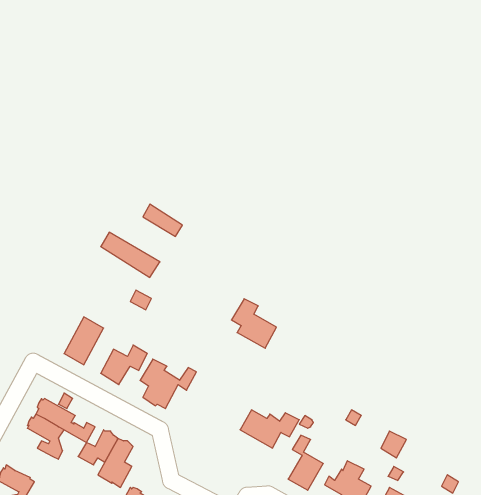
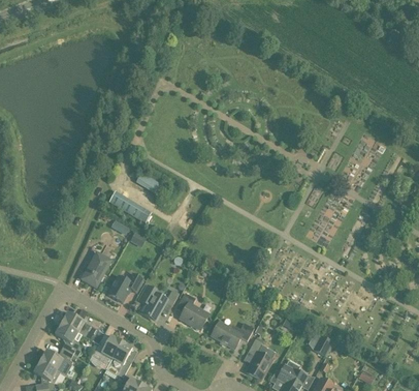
building: [231,299,276,348] -> [174,293,207,329]
building: none -> [38,349,72,370]

